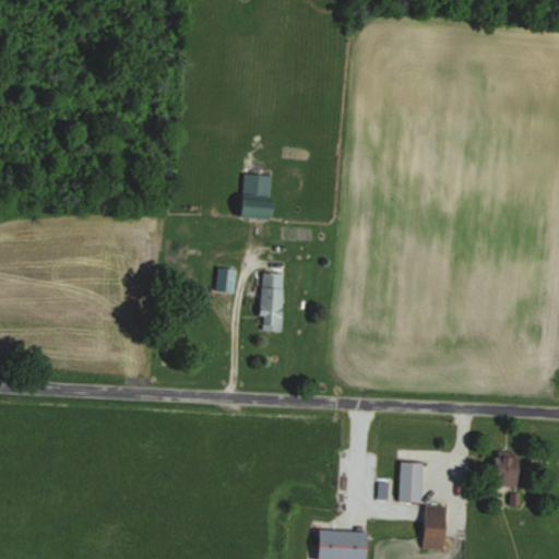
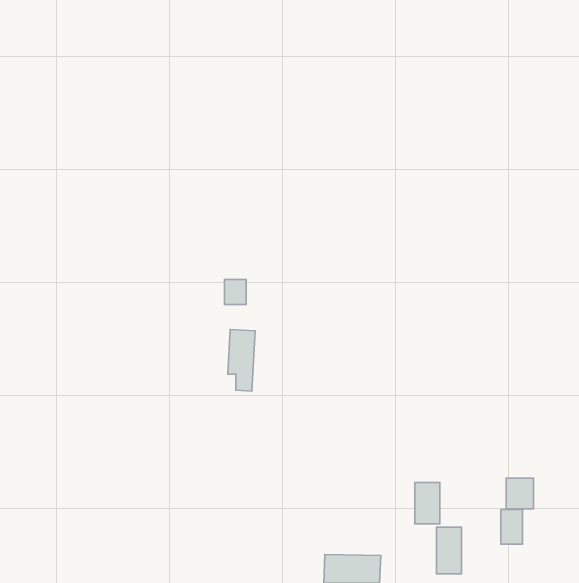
building: [234,174,273,218] -> none
building: [259,272,285,331] -> [228,330,255,391]
building: none -> [501,510,523,544]

